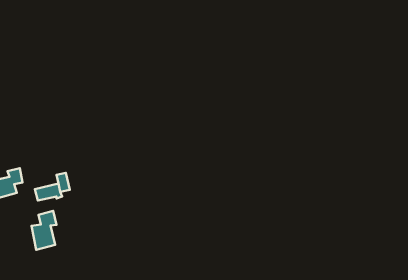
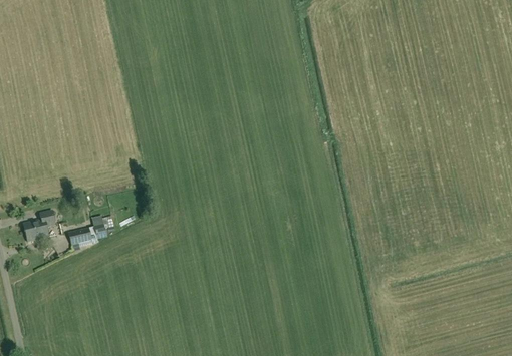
building: [31,211,57,250] -> none

